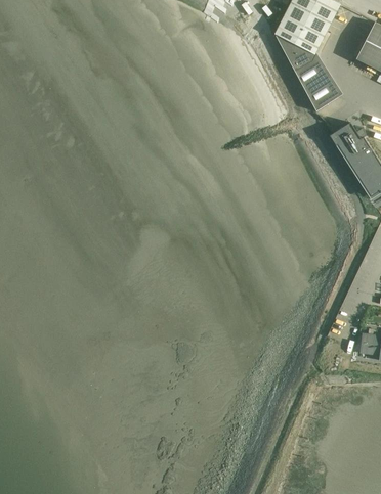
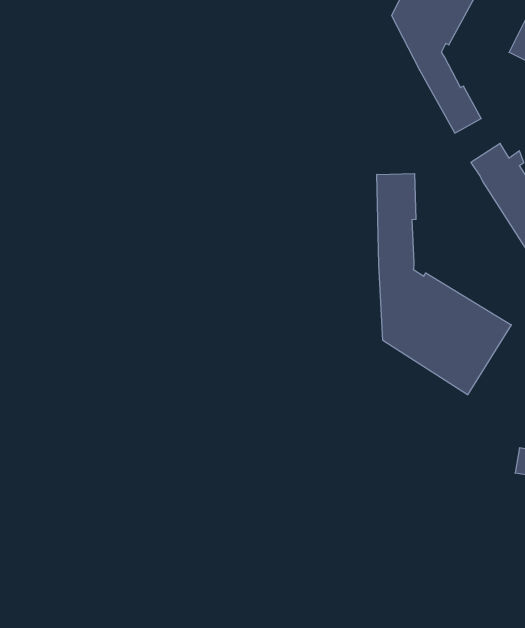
building: none -> [377,174,511,395]

